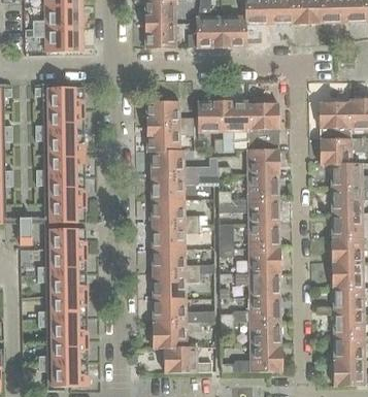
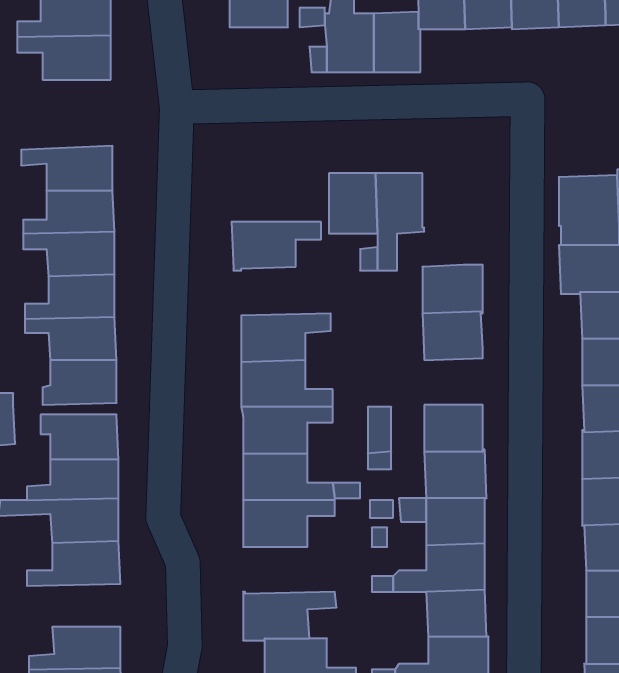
building: [144,24,175,49] -> none
building: [145,102,193,127] -> none
building: [246,103,278,151] -> none
building: [150,151,216,176] -> none
building: [218,199,278,224] -> none
building: [152,299,214,324] -> none
building: [37,319,87,341] -> none

